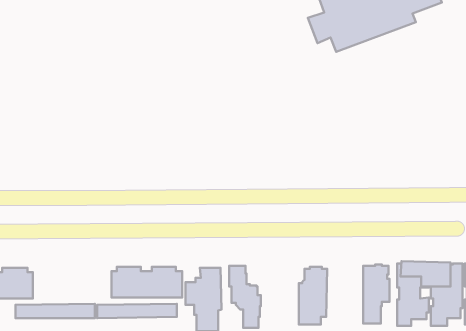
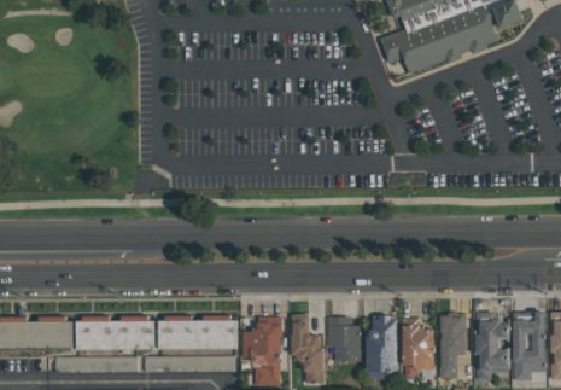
building: none -> [77,315,156,350]
building: none -> [327,316,360,362]
building: none -> [402,319,436,373]

